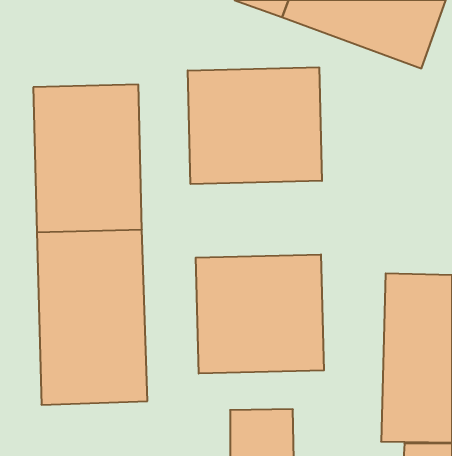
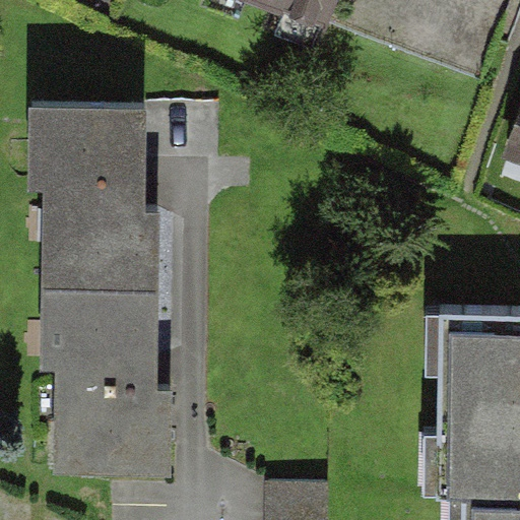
building: [188,67,322,184] -> none
building: [196,254,324,374] -> none

